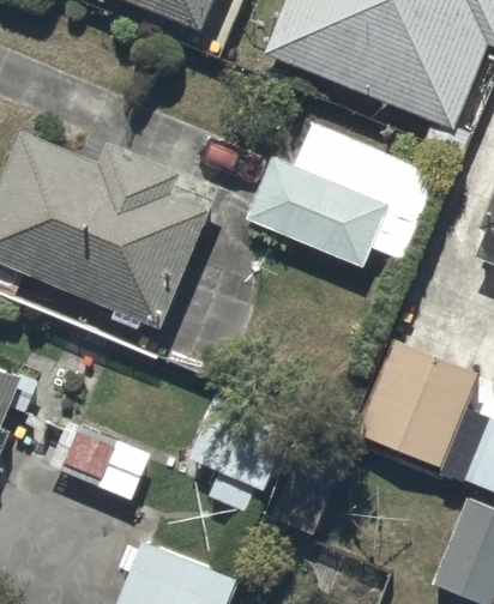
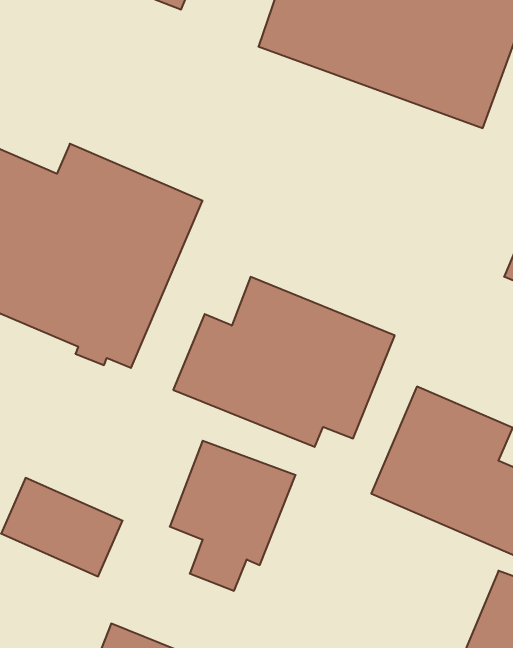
building: [246,126,432,268] -> [173,277,395,447]

